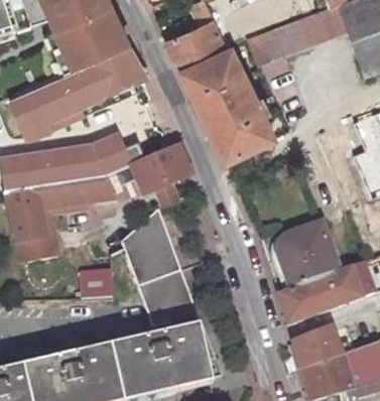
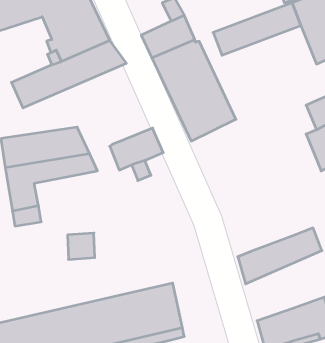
building: [92,135,132,177] -> none
building: [124,211,202,333] -> none
building: [278,226,340,290] -> none
building: [290,329,340,370] -> none

